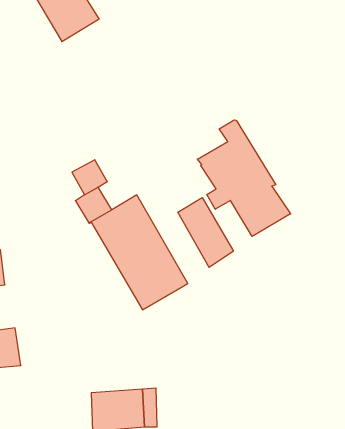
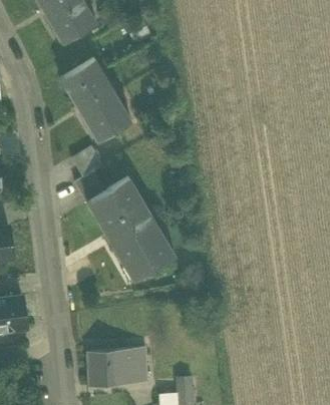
building: none -> [61,60,130,140]
building: [197,120,291,236] -> none
building: [178,198,233,267] -> none

